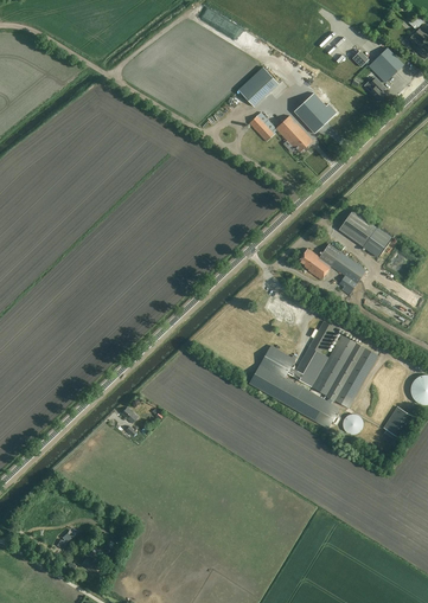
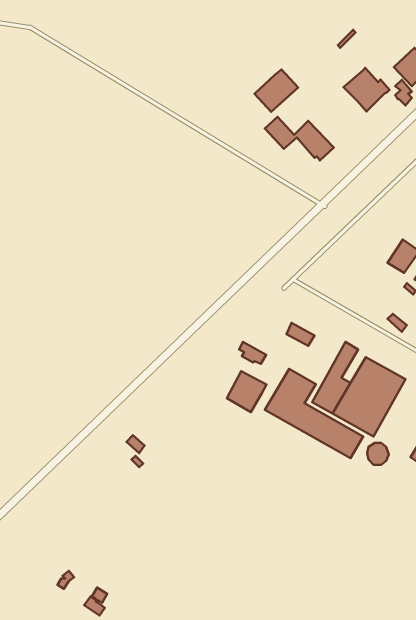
building: [293,92,336,133] -> [344,68,390,111]
building: [338,209,376,246] -> none
building: [298,243,365,294] -> none
building: none -> [227,371,267,412]

